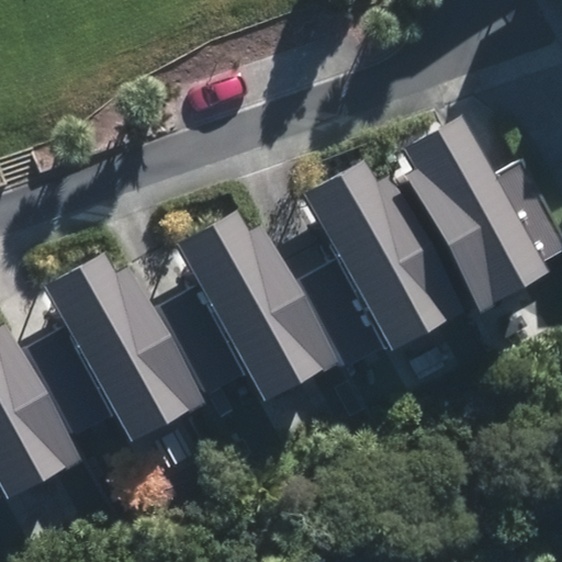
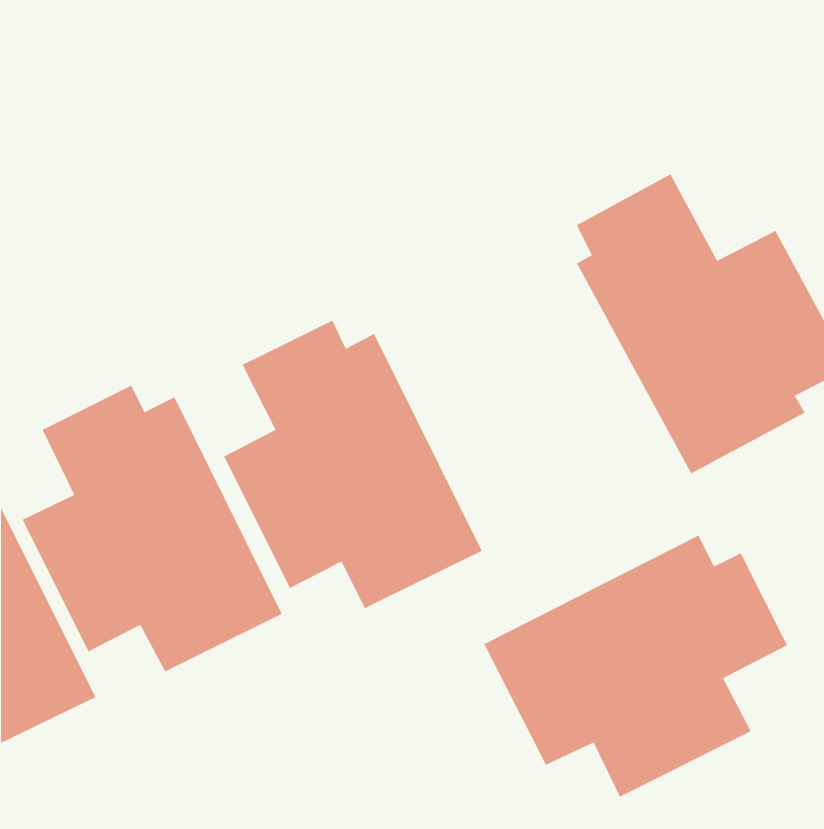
building: [304,160,464,359] -> none
building: none -> [483,535,788,798]

